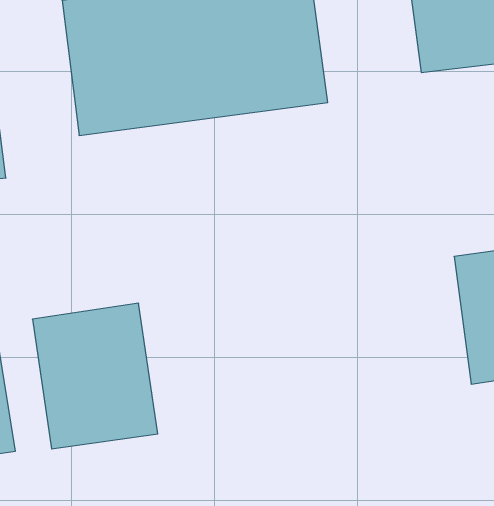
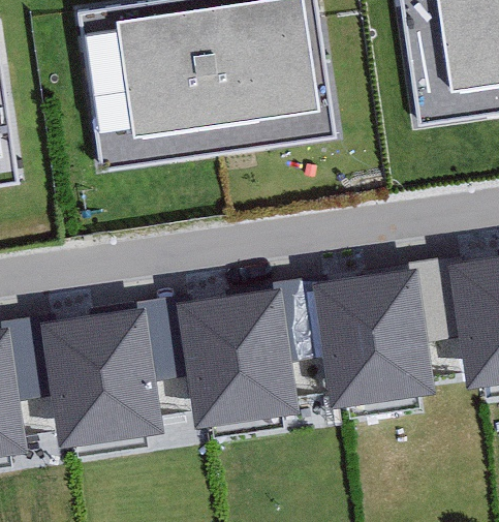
building: none -> [319,270,435,408]
building: none -> [181,289,299,423]

